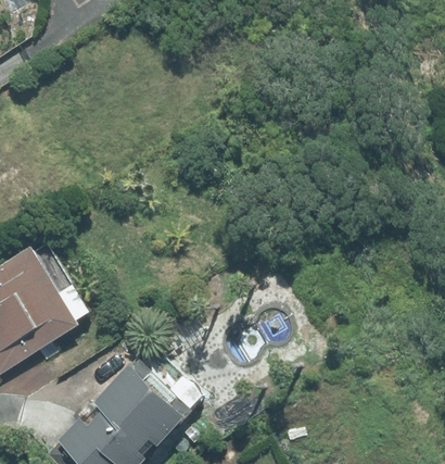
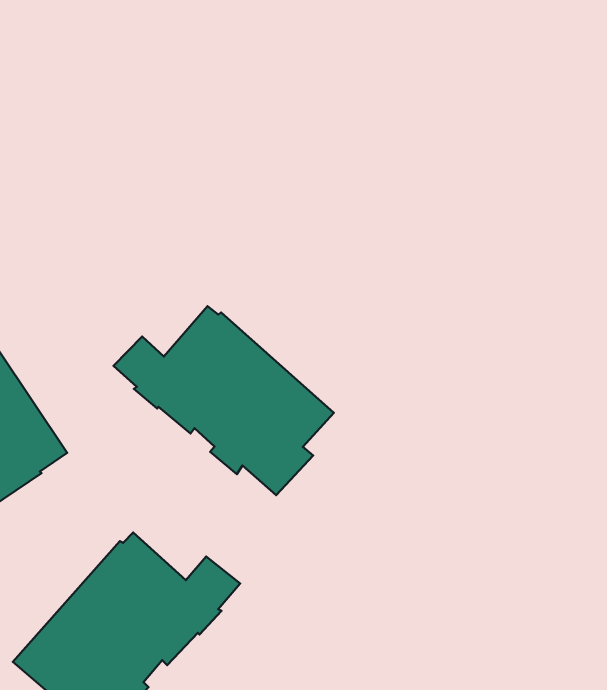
building: none -> [114,306,334,495]

